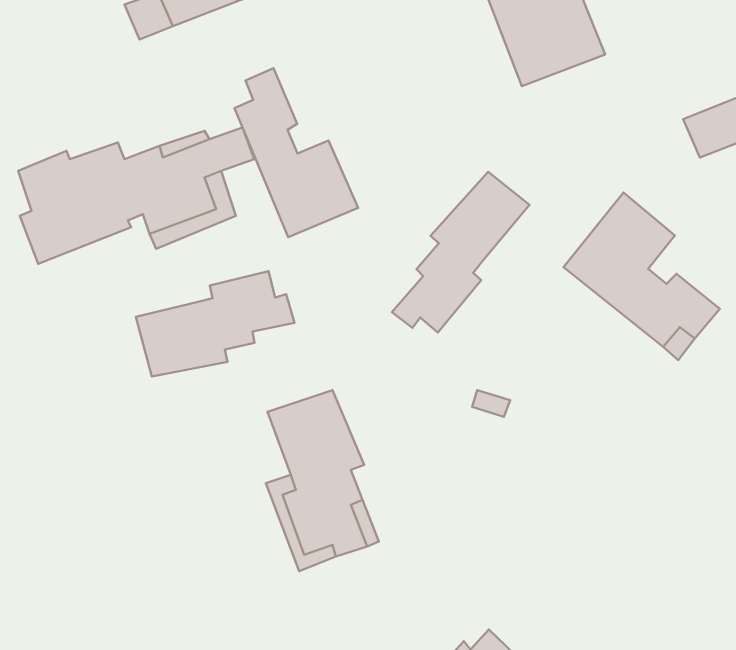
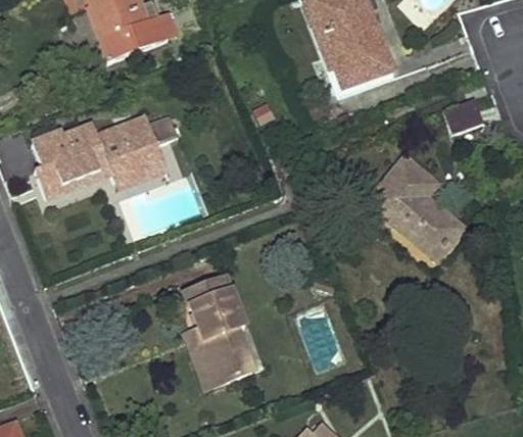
building: [235,68,358,237] -> none
building: [392,172,530,332] -> none
building: [136,271,294,376] -> none

